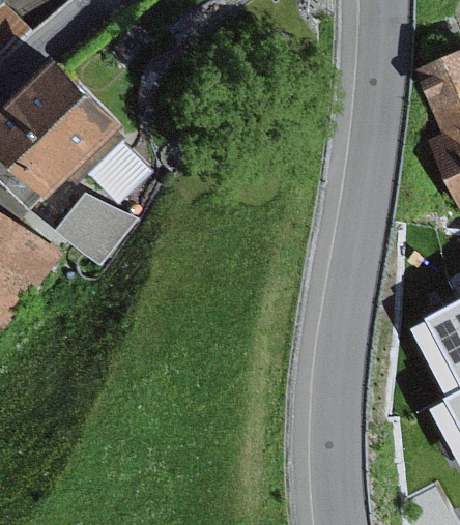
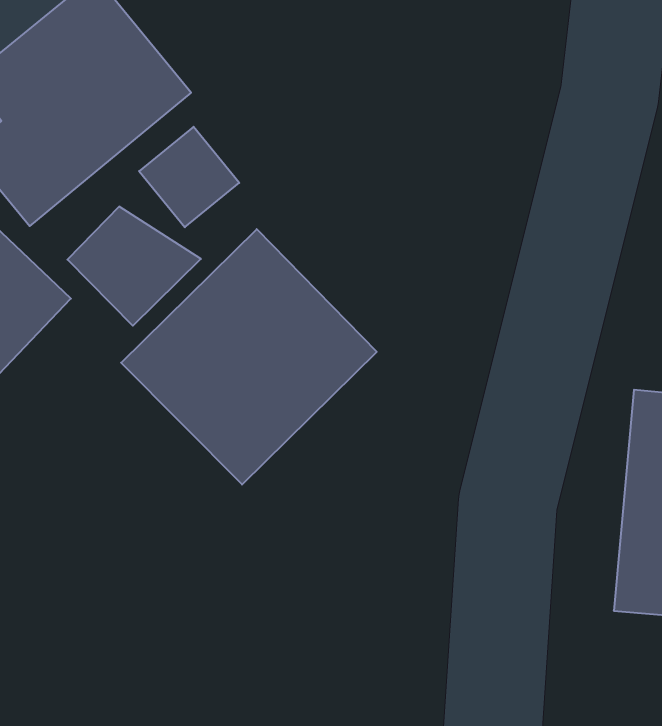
building: none -> [121,229,377,485]

